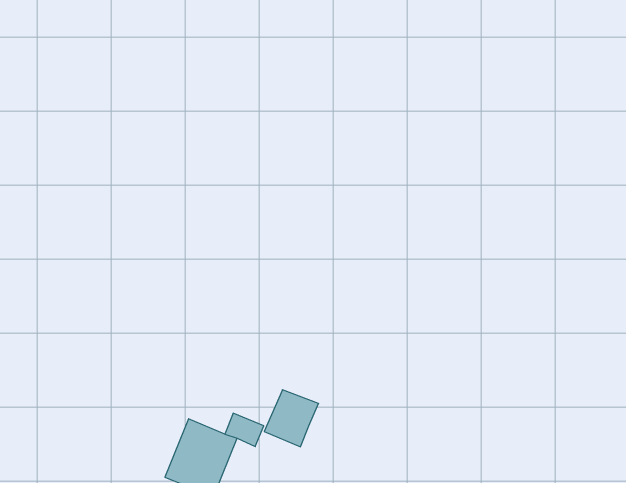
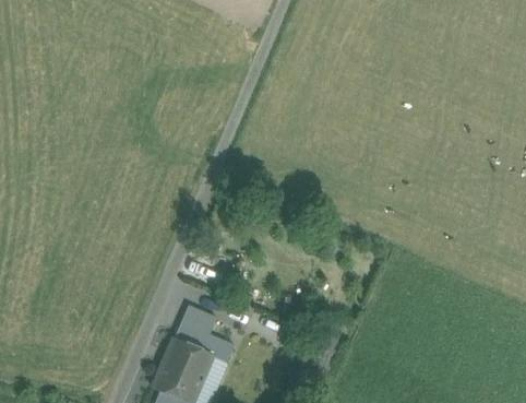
building: [264,390,319,447] -> [172,309,215,354]

